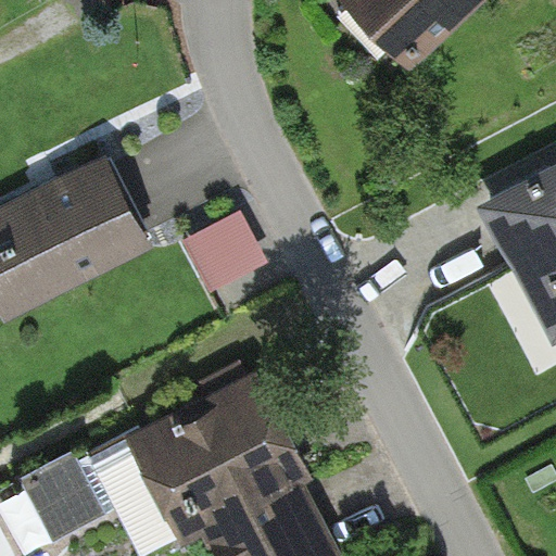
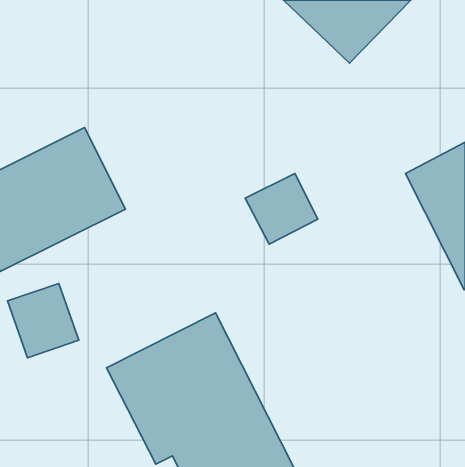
building: [186,204,271,288] -> [245,173,318,244]
building: [25,447,110,535] -> [7,283,79,358]

